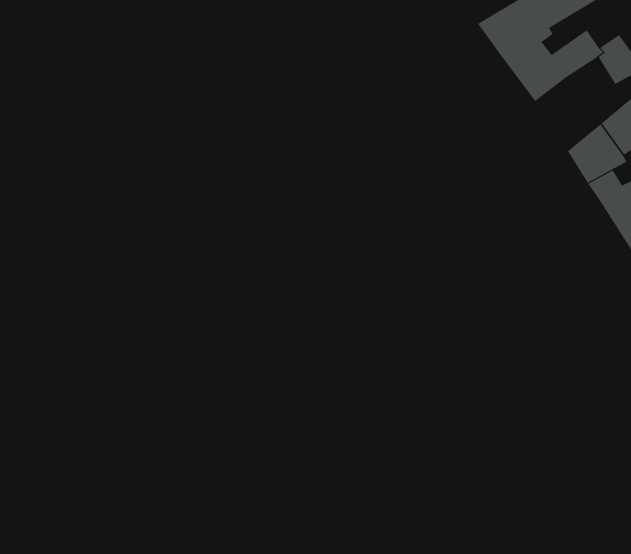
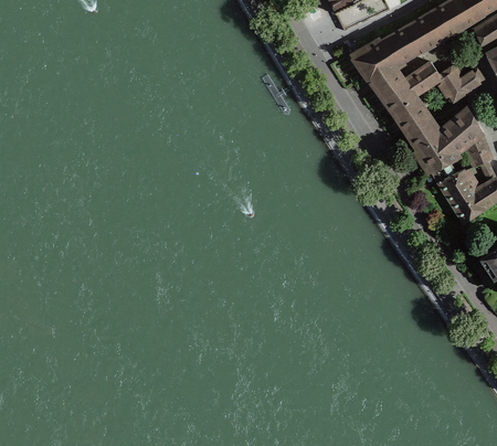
building: none -> [393,96,441,149]

